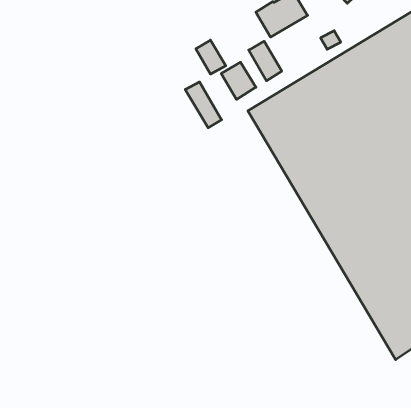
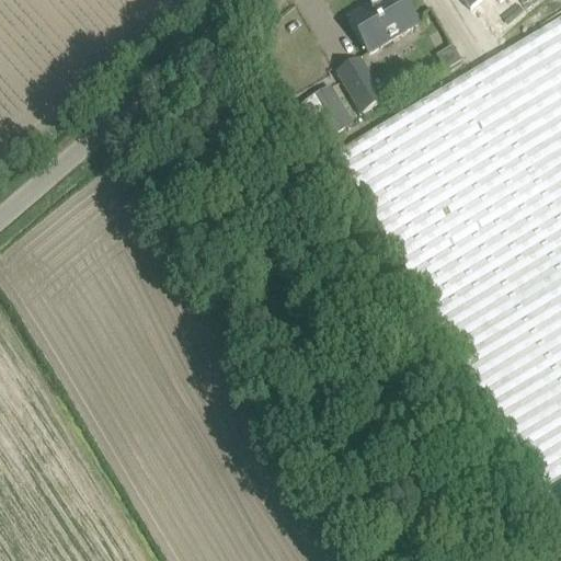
building: [196,40,226,74] -> none
building: [185,82,222,128] -> none

